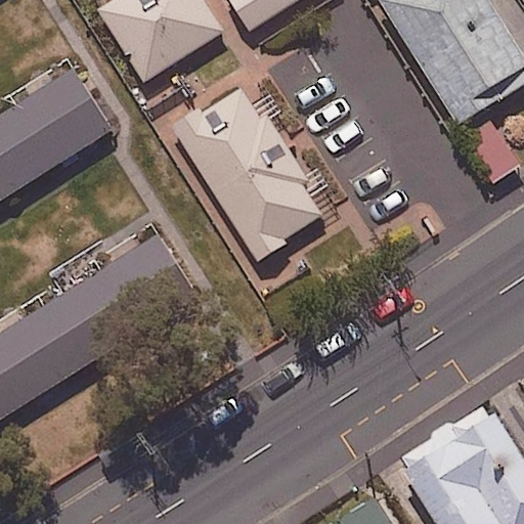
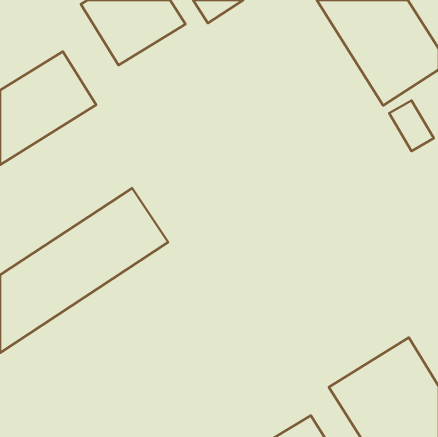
building: [167,88,339,259] -> none

